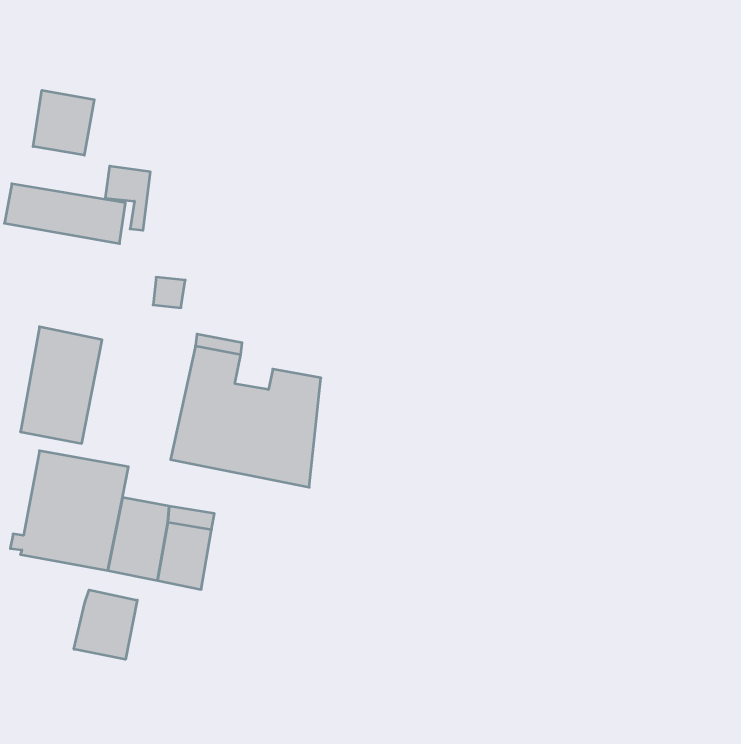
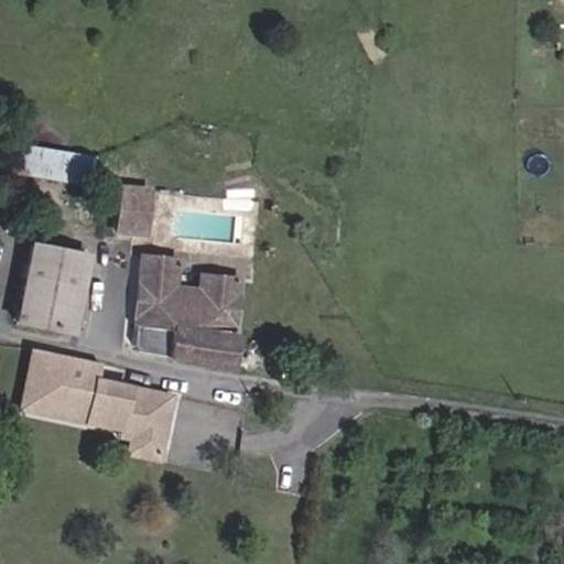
building: [33,90,94,155] -> none
building: [105,166,150,230] -> [121,186,155,235]
building: [74,590,137,659] -> none

